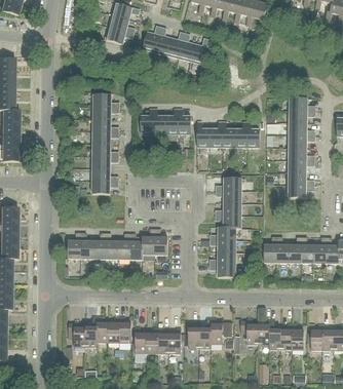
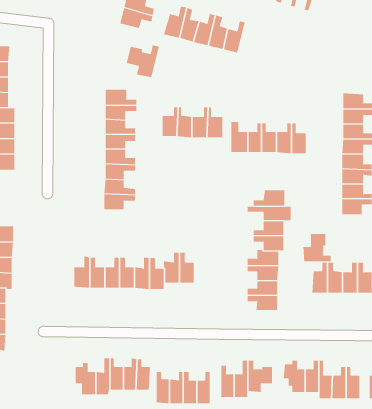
building: none -> [126,45,159,78]
building: none -> [303,233,331,262]

